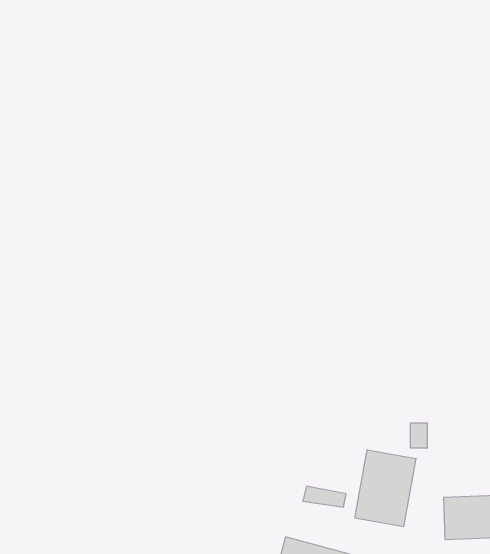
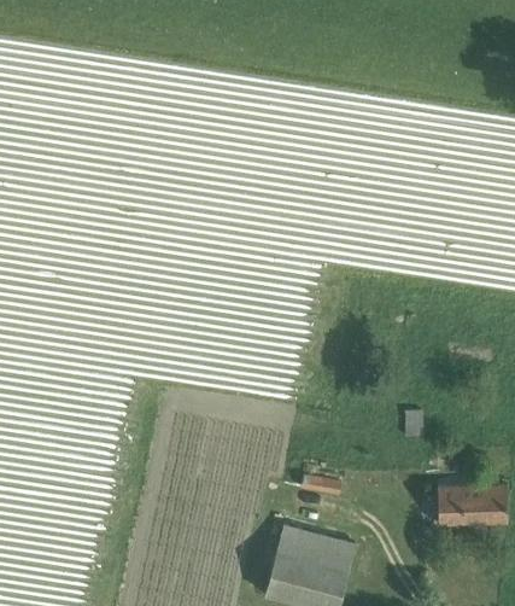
building: [355,450,416,527] -> none

